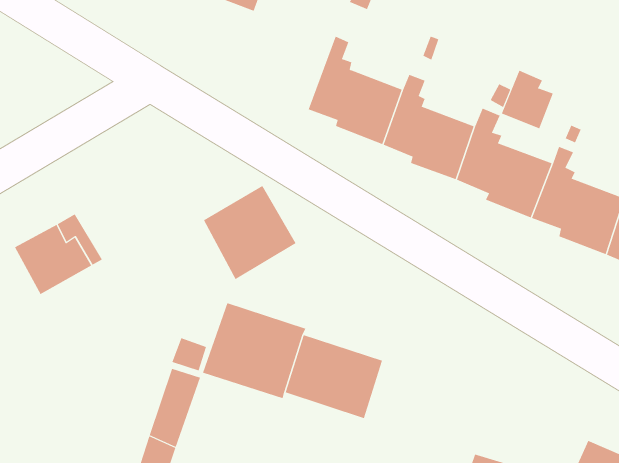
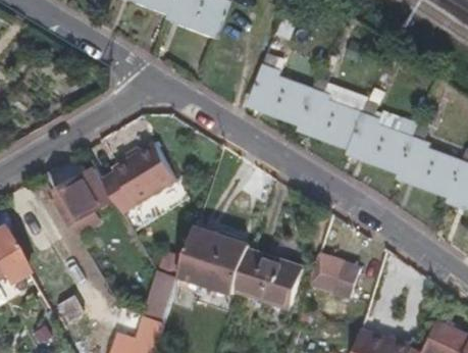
building: [501,70,554,129] -> none
building: [203,185,296,280] -> [114,146,176,209]
building: none -> [307,255,358,299]

